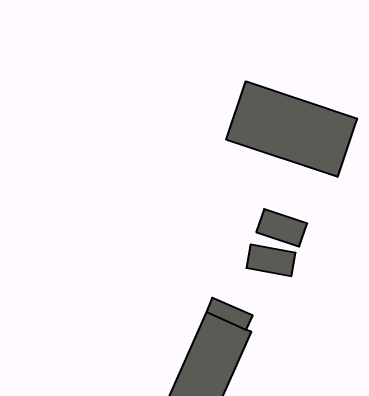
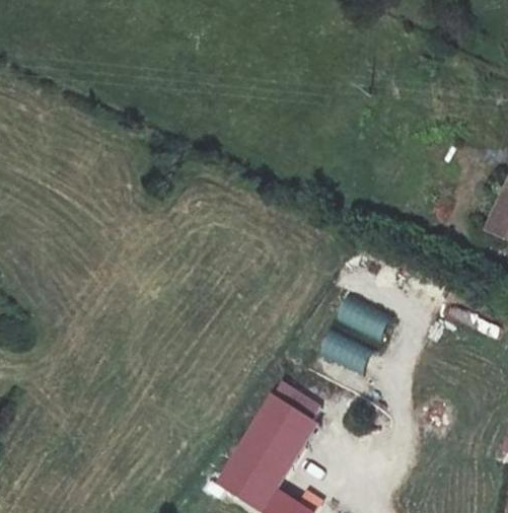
building: [226,81,357,177] -> none

